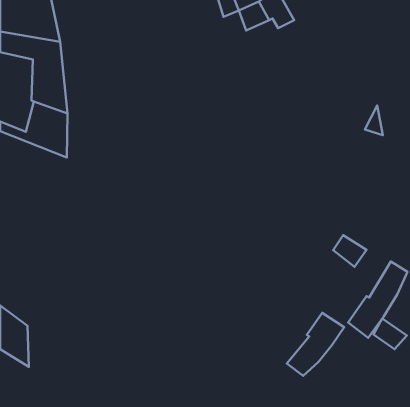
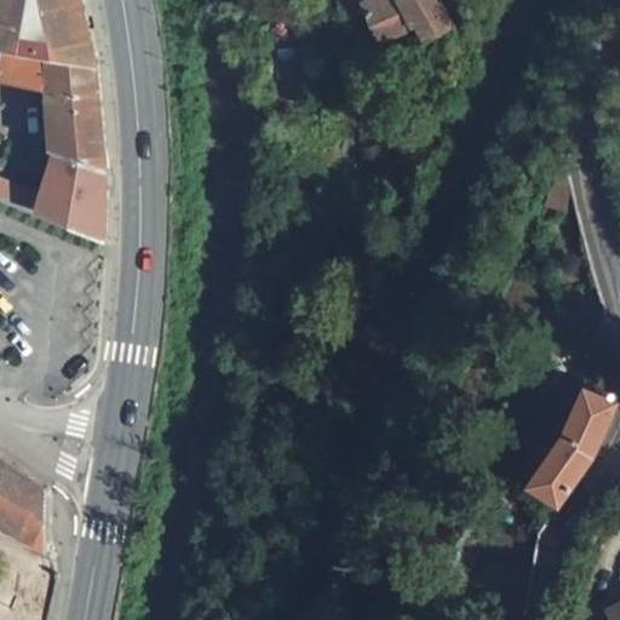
building: [333,235,366,267] -> none
building: [287,313,344,376] -> none
building: [373,319,407,349] -> none

